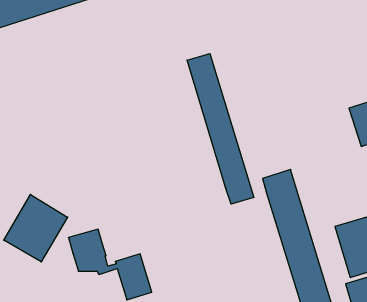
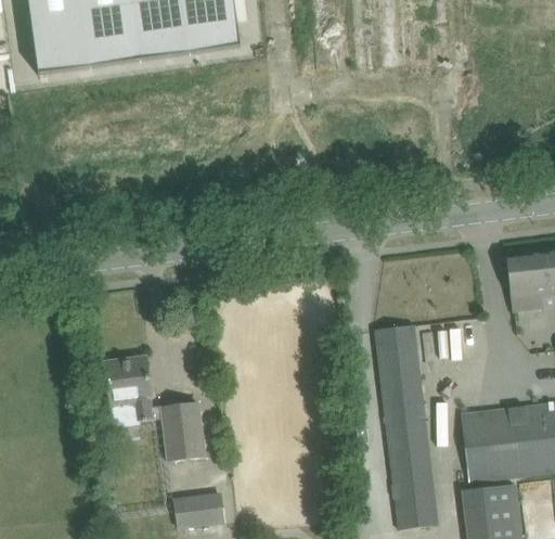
building: [187,54,254,204] -> none
building: [4,194,68,262] -> none

